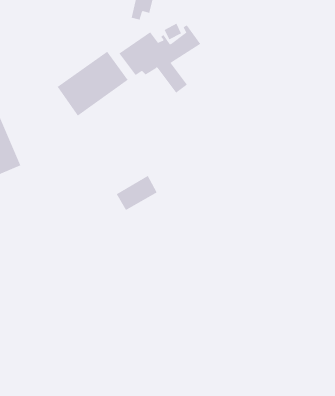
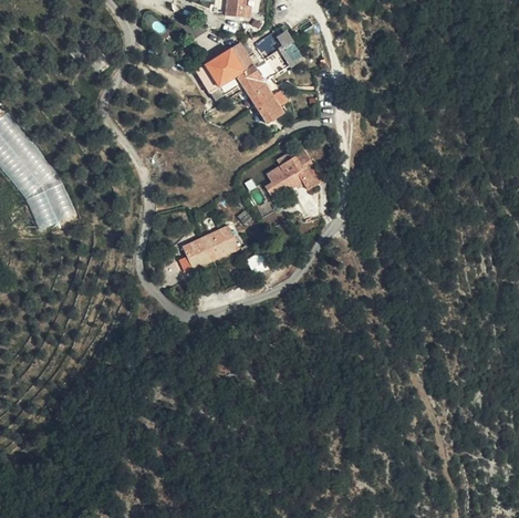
building: [57,51,129,116] -> none
building: none -> [264,145,319,191]

